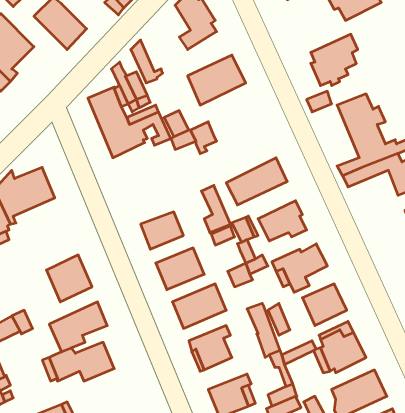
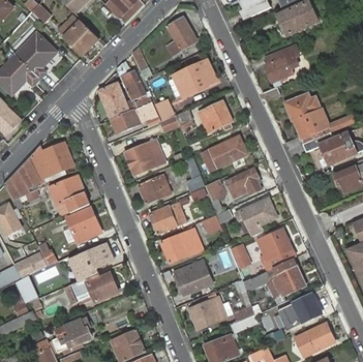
building: none -> [199,101,232,132]
building: none -> [124,143,157,175]
building: none -> [49,176,89,215]

